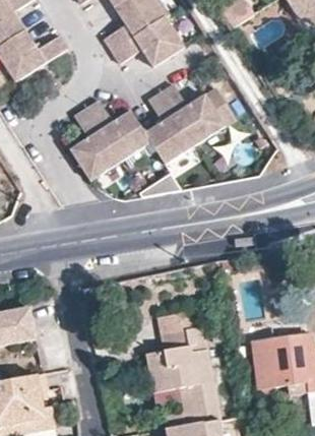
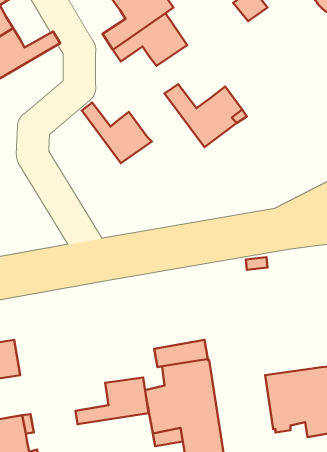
building: [146,90,197,160] -> none
building: [70,106,123,176] -> none
building: none -> [76,377,148,424]

